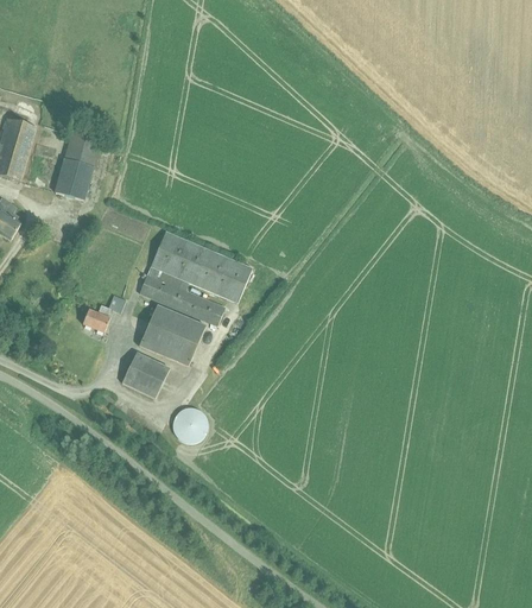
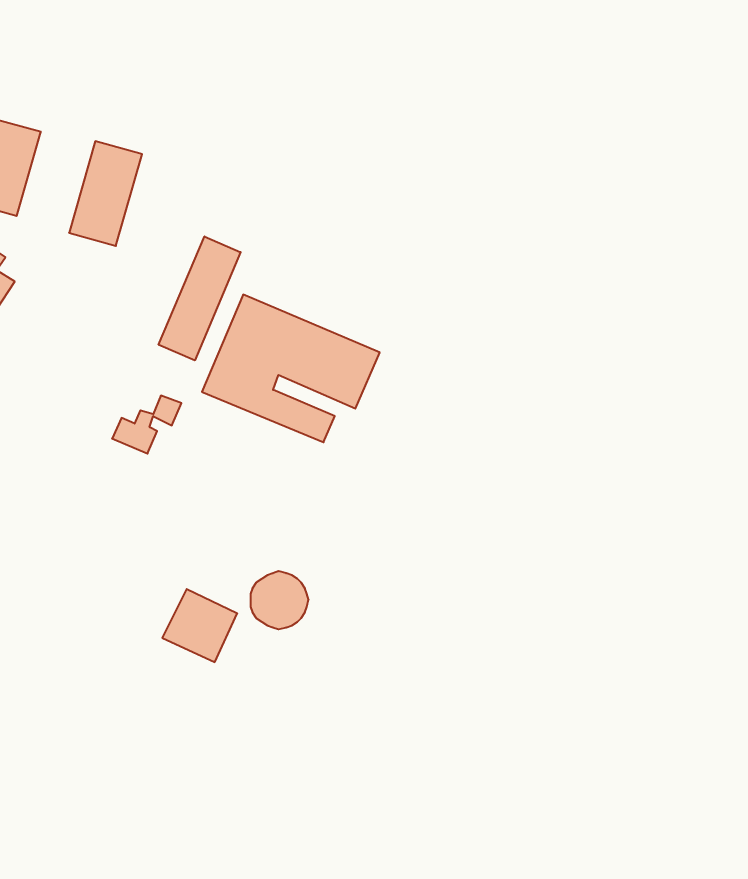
building: none -> [159,236,241,360]
building: [139,304,205,367] -> none
building: [121,353,169,399] -> [162,589,237,662]

